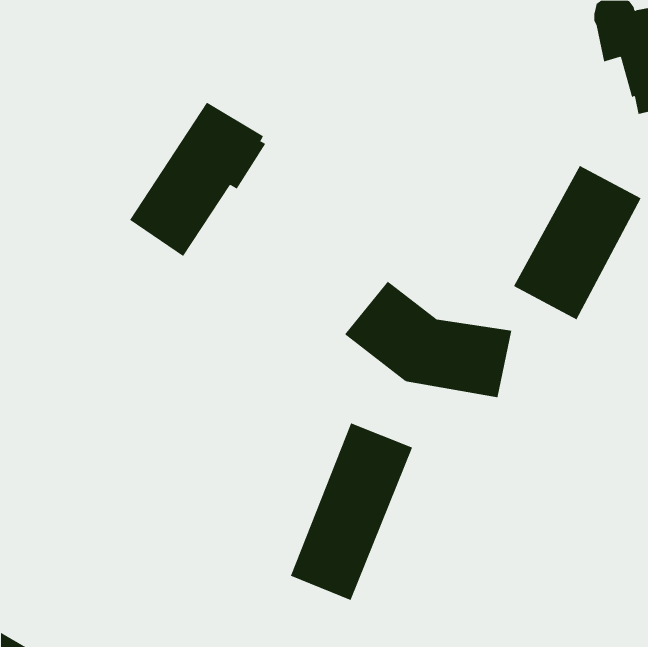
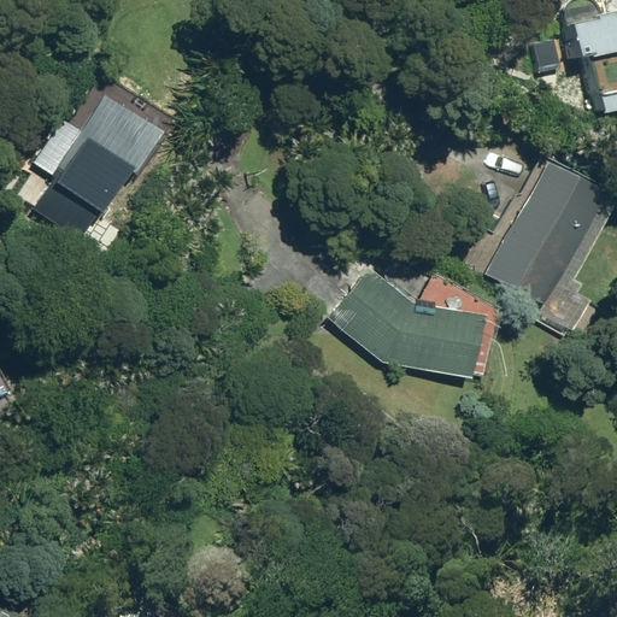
building: [129,102,266,257] -> [31,94,161,241]
building: [290,422,413,601] -> none

